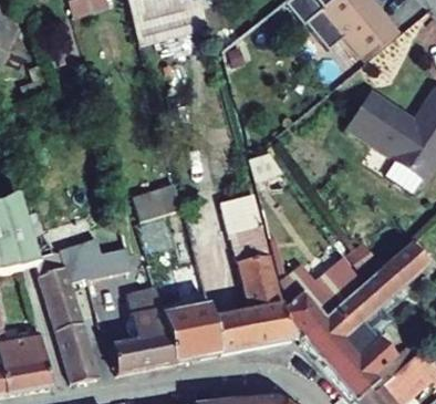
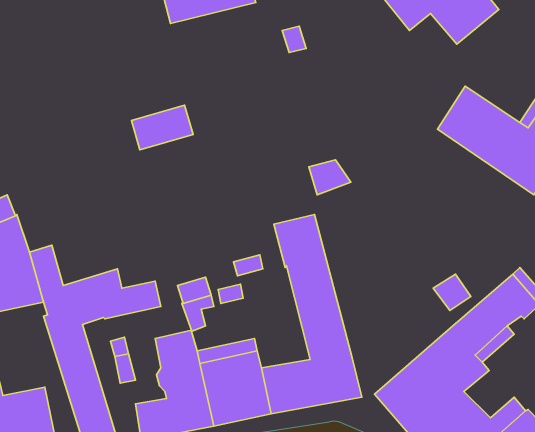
building: [133,185,181,220] -> [132,105,193,150]
building: [280,257,362,340] -> none

